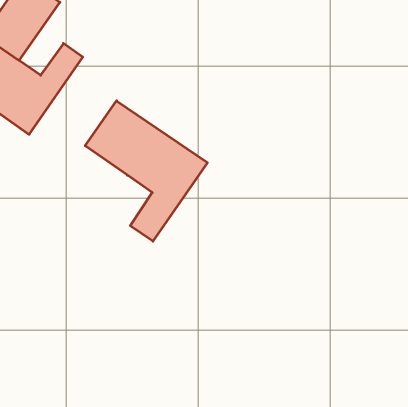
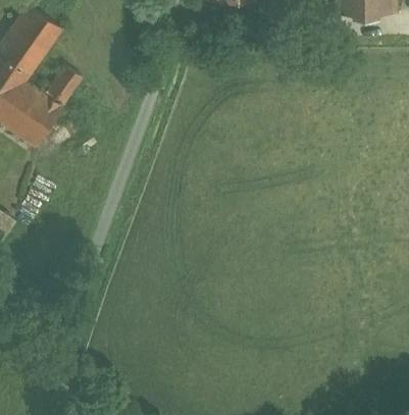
building: [85,101,207,241] -> none

